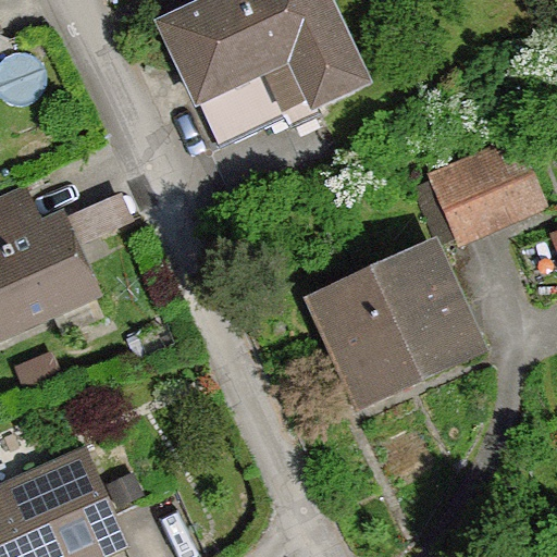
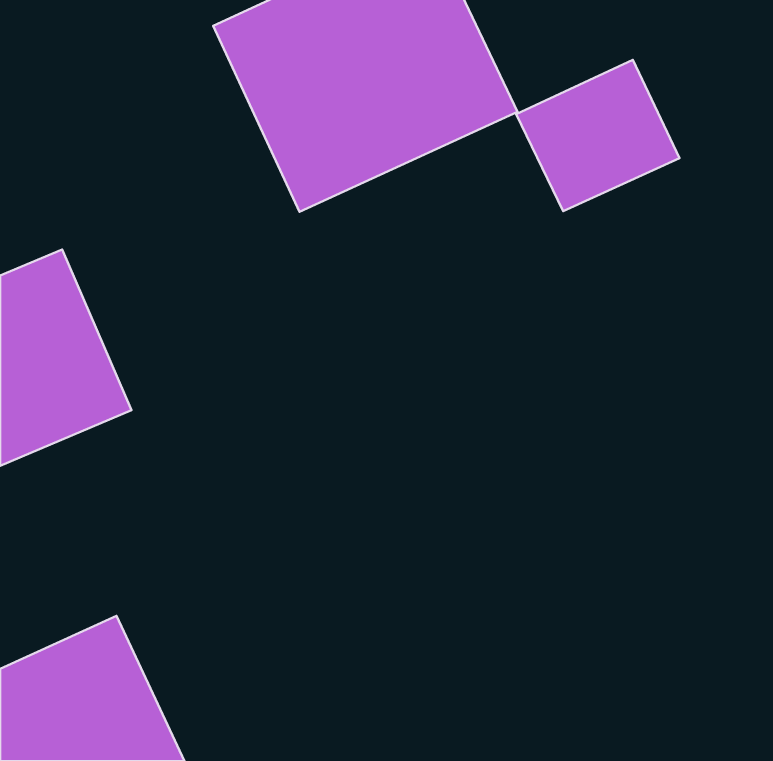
building: [428,134,545,243] -> [516,60,680,211]
building: [302,239,487,419] -> none

